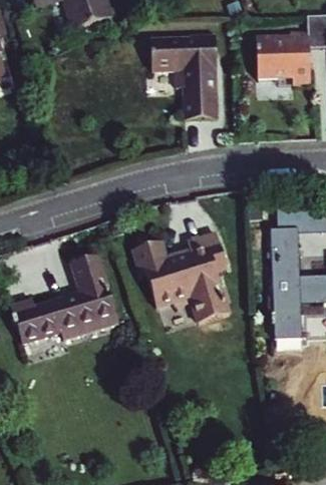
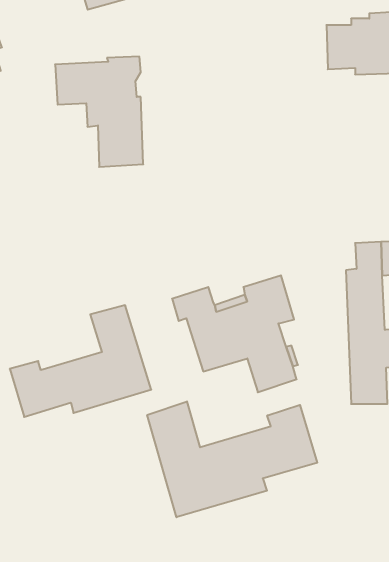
building: [148,34,217,119] -> [55,57,143,167]
building: none -> [147,401,317,517]

